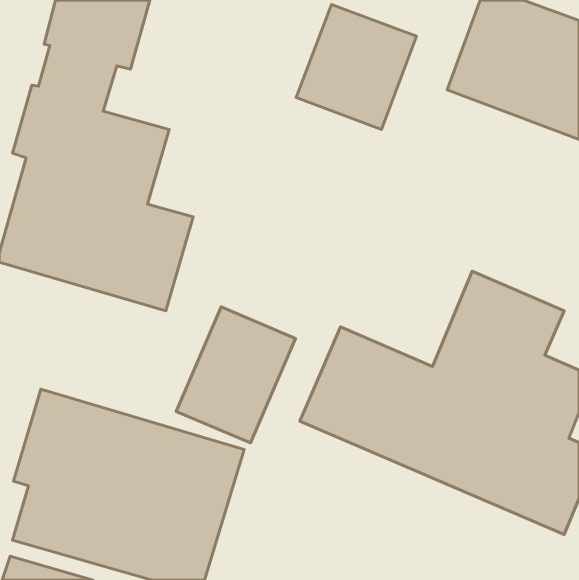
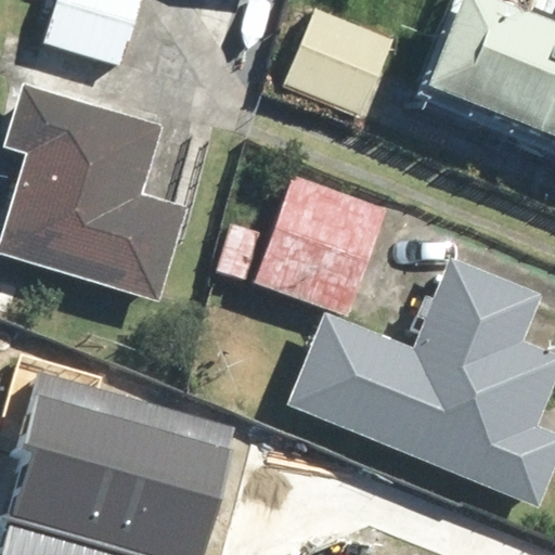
building: none -> [251,175,382,311]
building: [176,307,295,443] -> none

